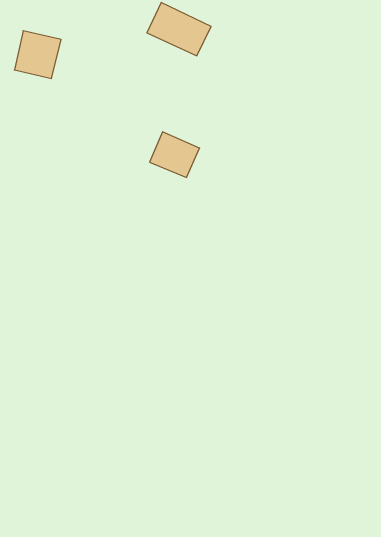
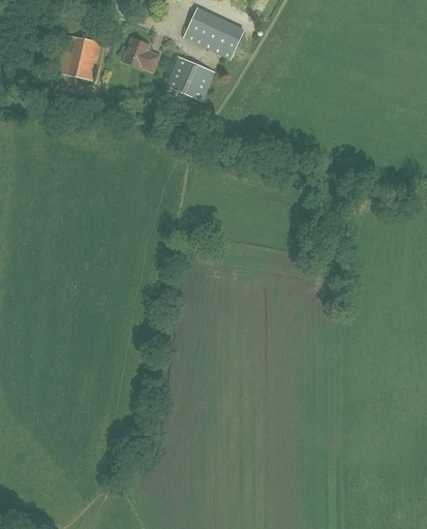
building: none -> [123,37,159,70]
building: [150,132,200,177] -> [166,56,214,99]

